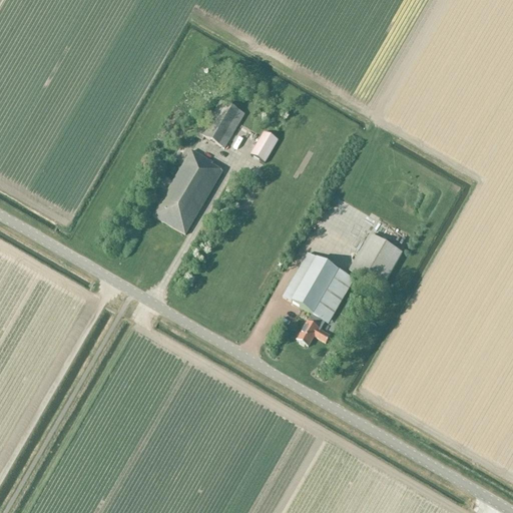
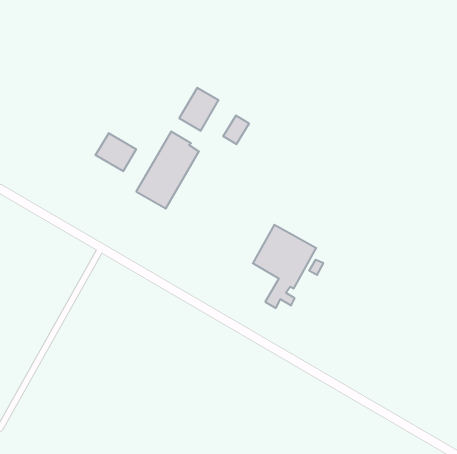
building: none -> [96,133,136,171]
building: [350,232,403,288] -> none

